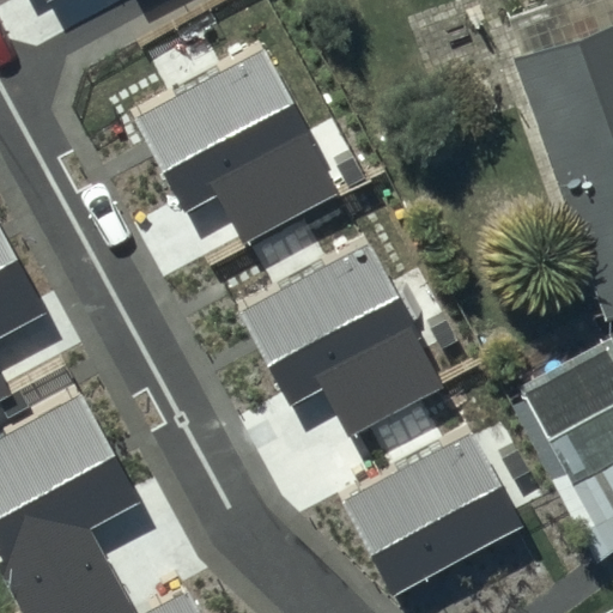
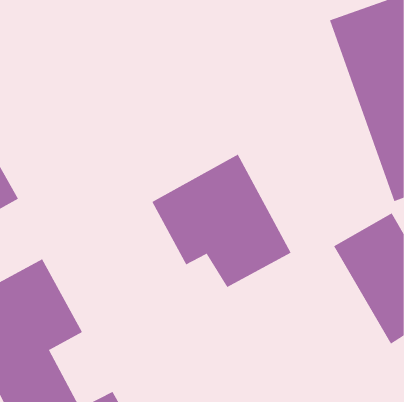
building: [135,48,341,244] -> none
building: [342,432,524,595] -> none

